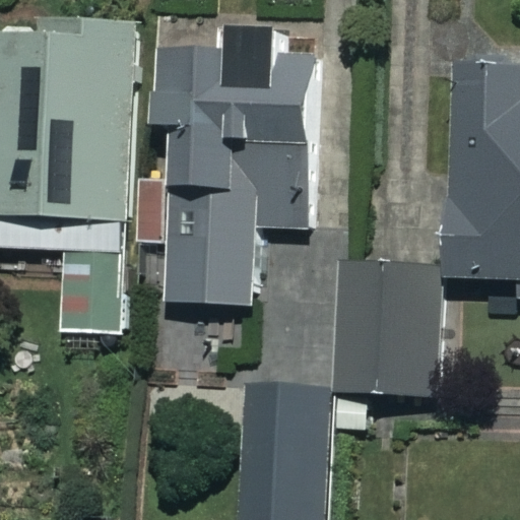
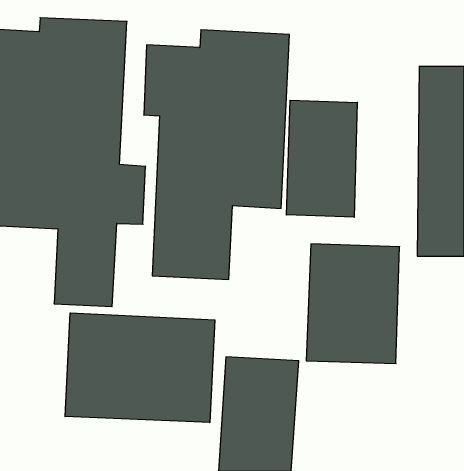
building: none -> [286,100,357,217]
building: none -> [65,313,215,423]

